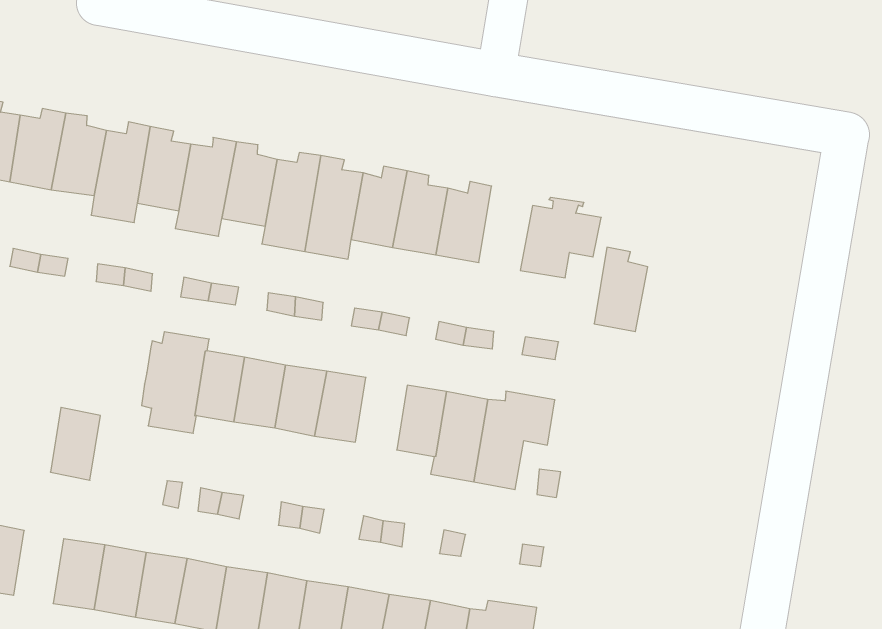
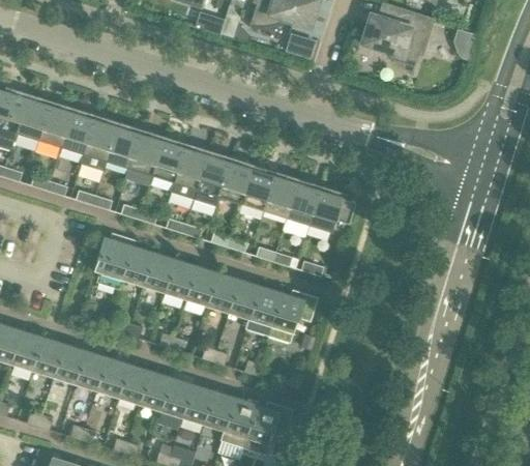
building: [594,247,648,332] -> [286,177,319,225]
building: none -> [206,271,238,313]
building: [50,407,100,480] -> [10,329,41,371]

